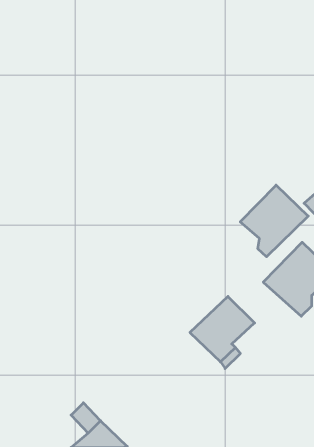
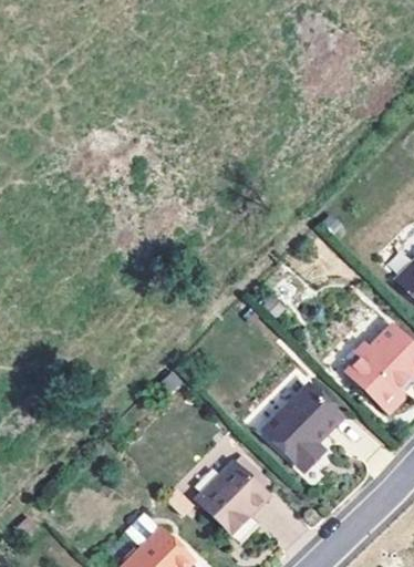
building: [240,185,308,257] -> none
building: none -> [195,465,266,547]

